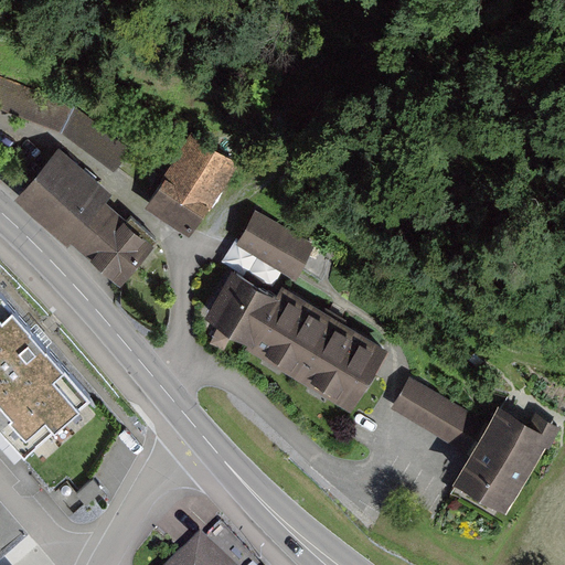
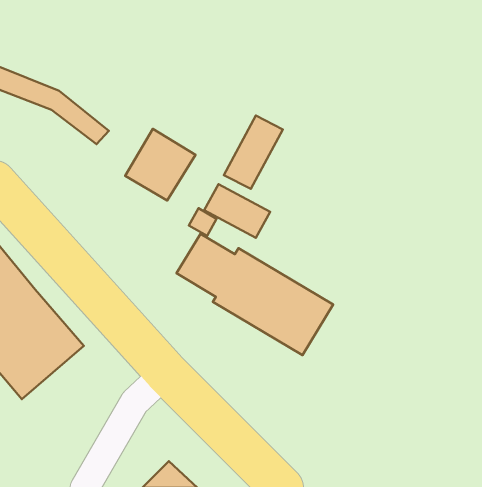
building: none -> [224,115,283,189]
building: [14,152,156,282] -> none
building: [394,382,552,510] -> none

